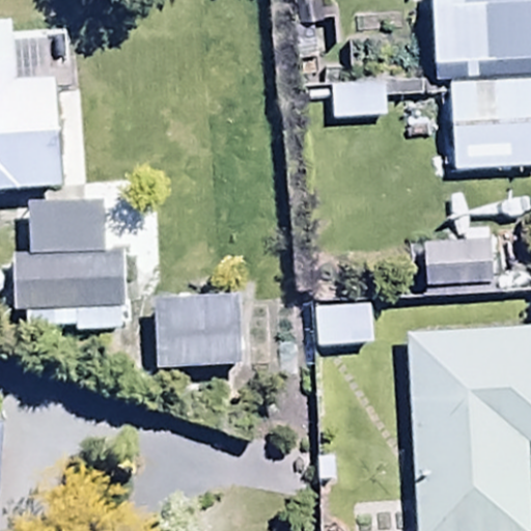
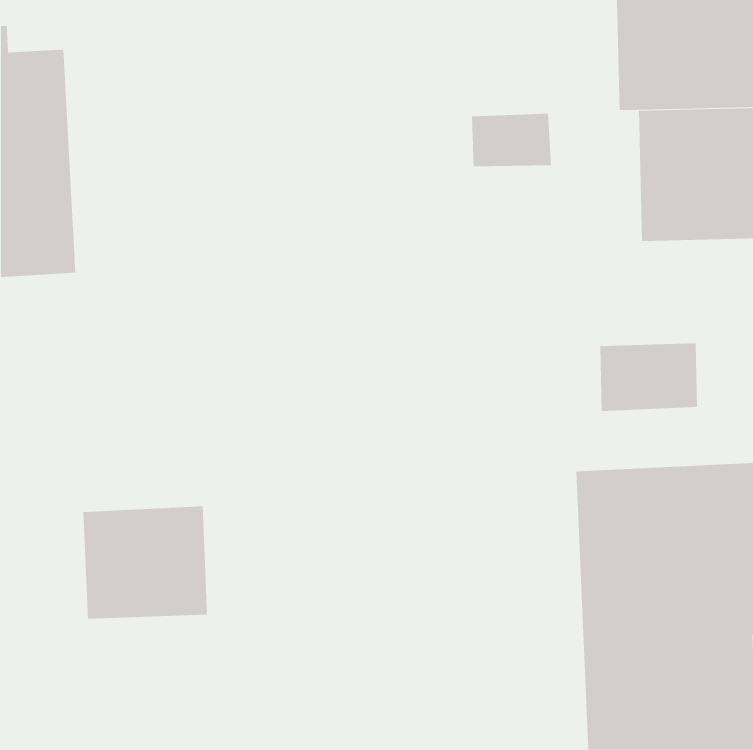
building: [13,202,124,310] -> none
building: [156,297,243,375] -> [83,506,208,619]

